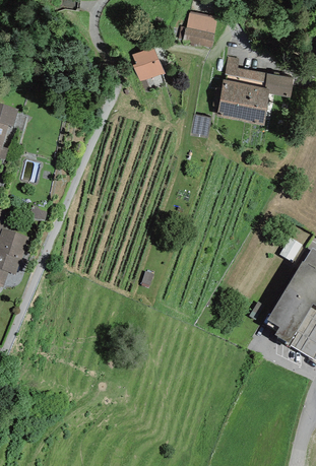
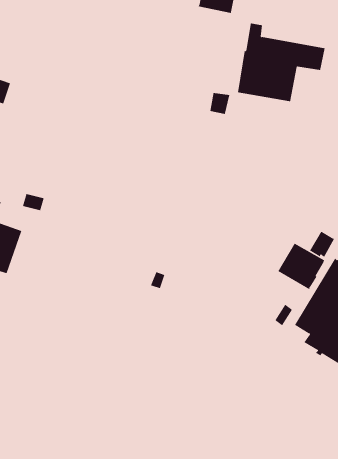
building: [132,47,164,82] -> none
building: none -> [278,243,325,290]

